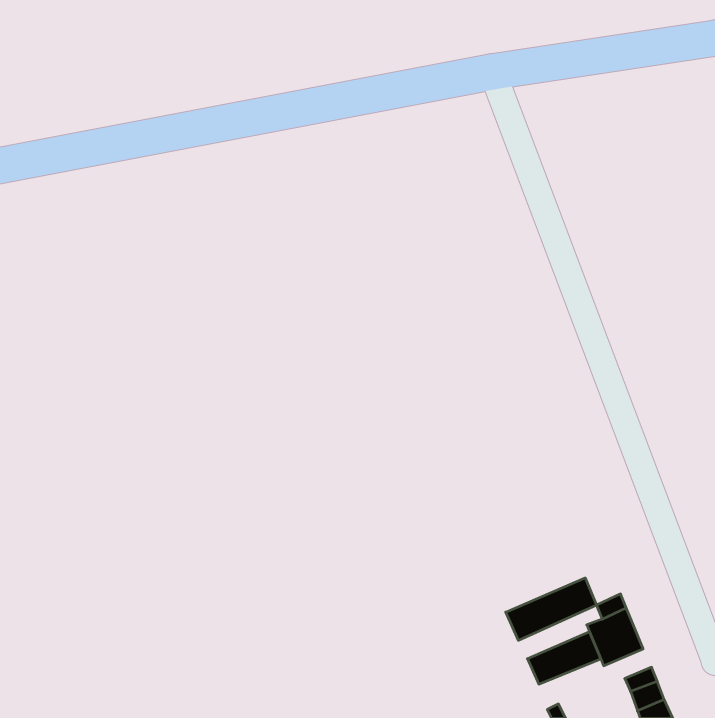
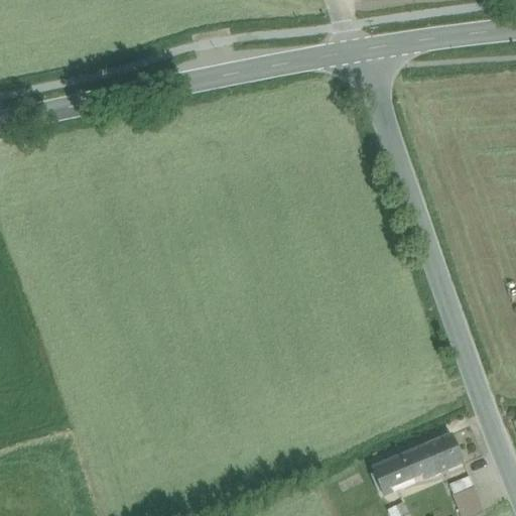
building: [506,578,597,640] -> none

